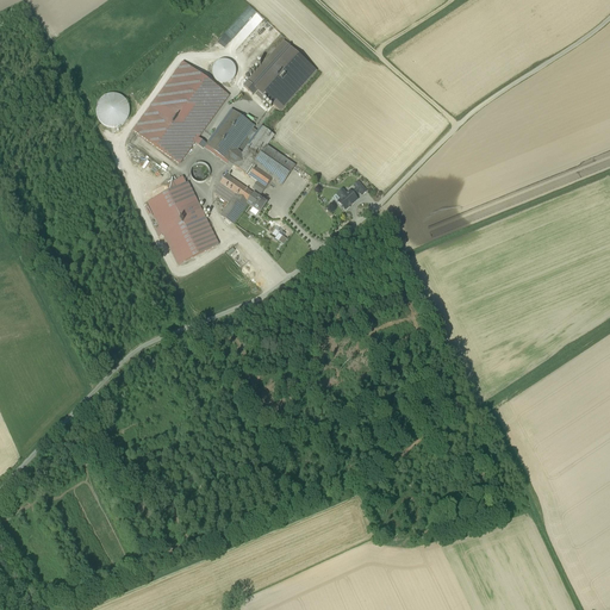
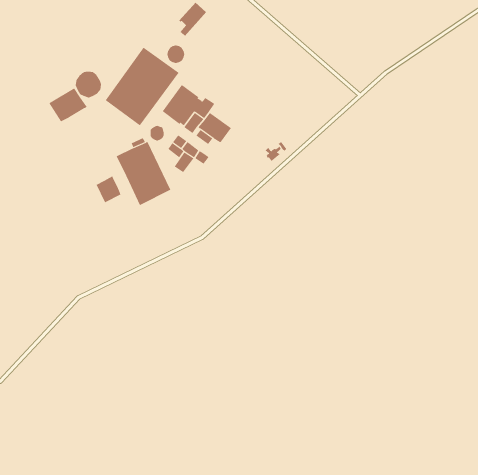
building: [243,39,316,108] -> none
building: none -> [48,87,88,122]
building: none -> [96,175,121,203]

